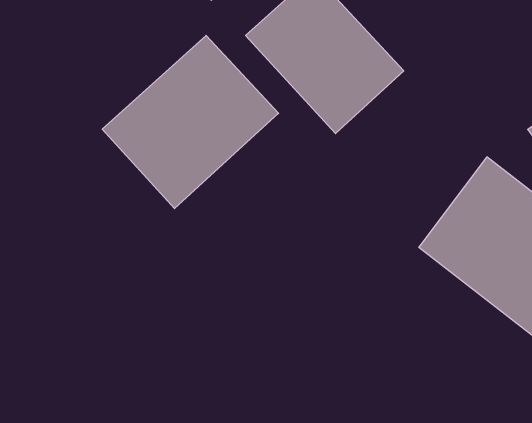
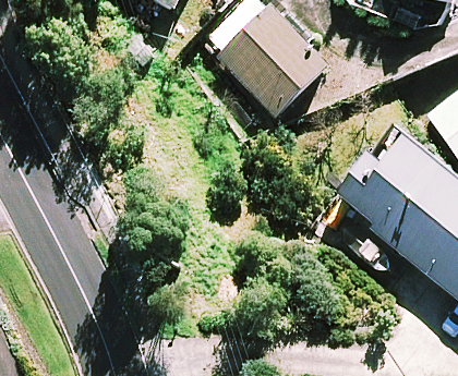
building: [102,35,279,209] -> none

